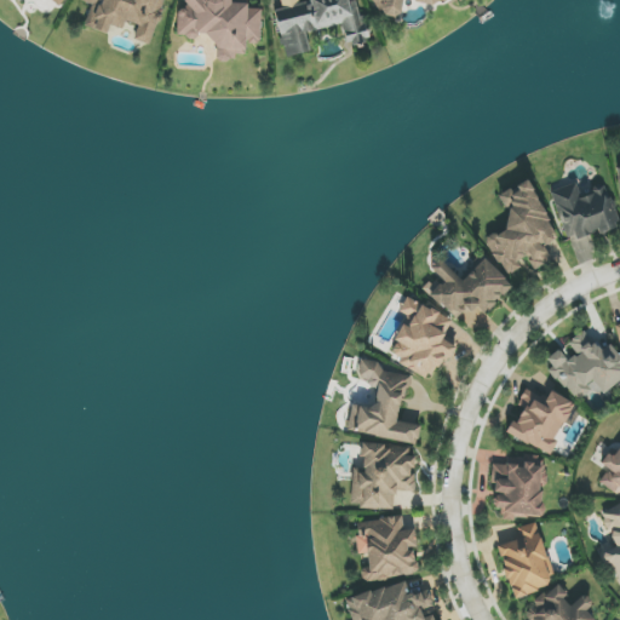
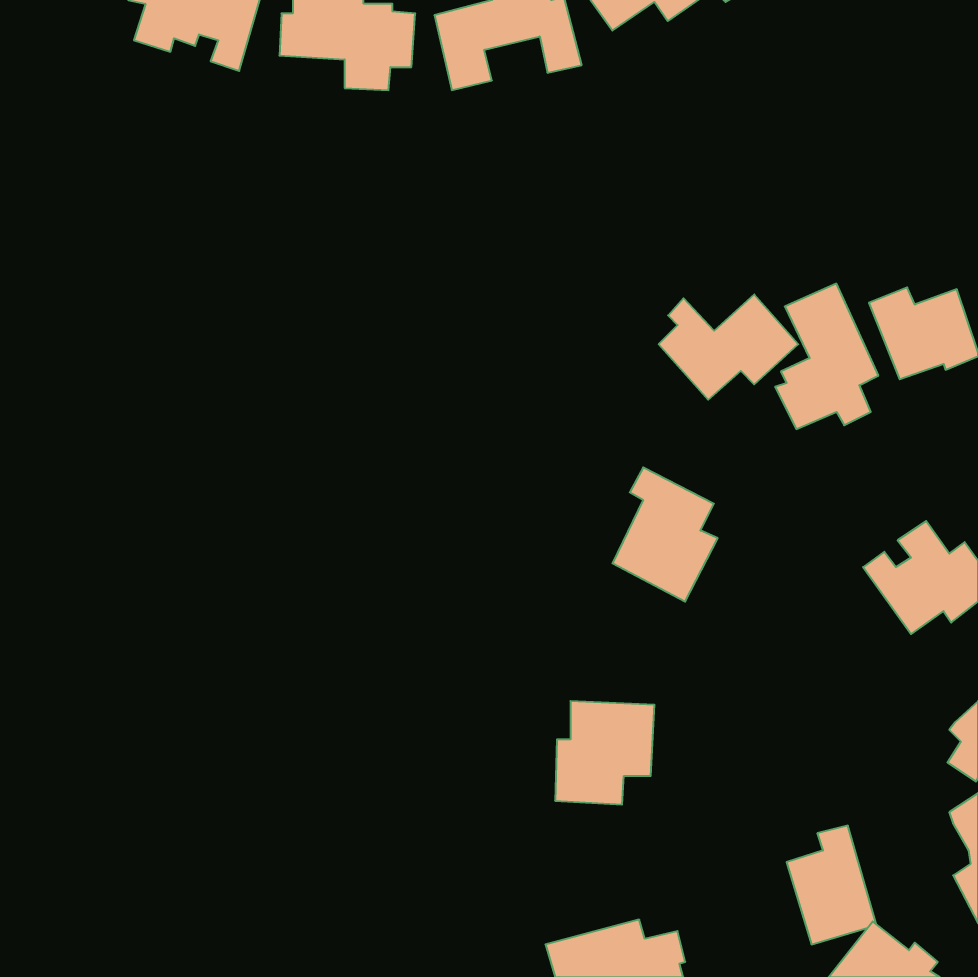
building: [424,254,512,321] -> [659,294,798,400]
building: [346,362,420,444] -> none
building: [506,380,575,453] -> none
building: [492,454,544,518] -> none
building: [355,516,417,580] -> none

